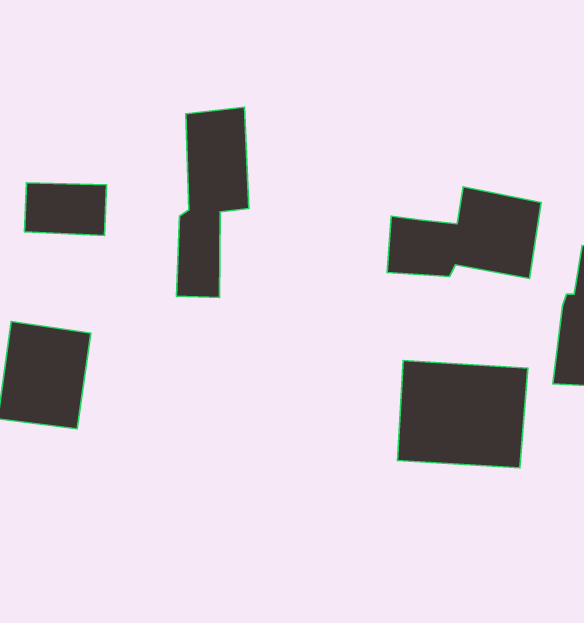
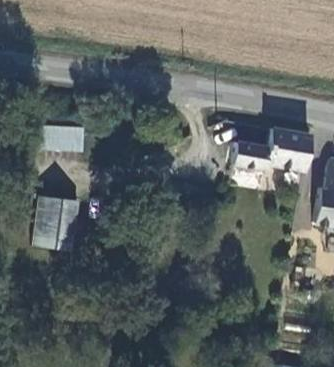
building: [176,107,249,297] -> none
building: [397,360,528,468] -> none

